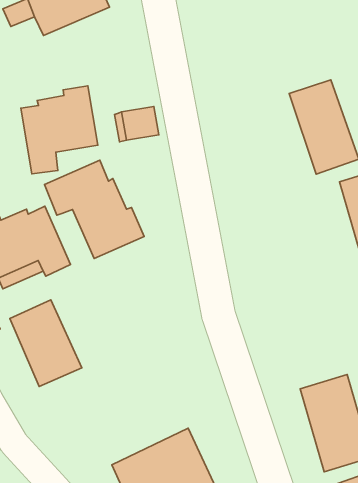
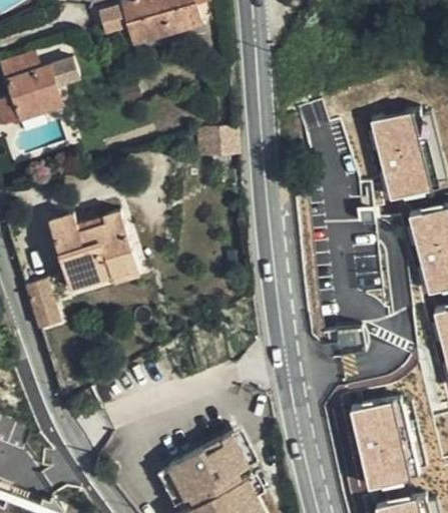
building: [21,86,98,174] -> none
building: [44,160,144,258] -> none
building: [10,300,82,386] -> none

